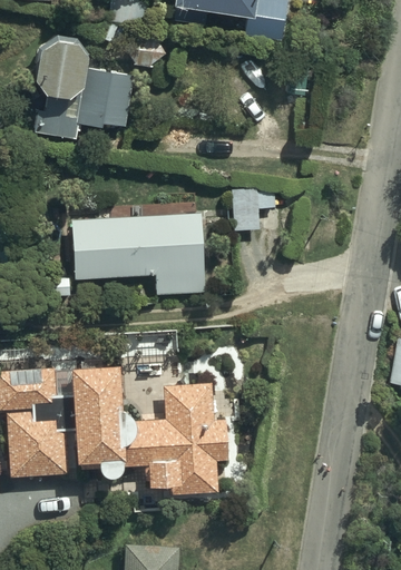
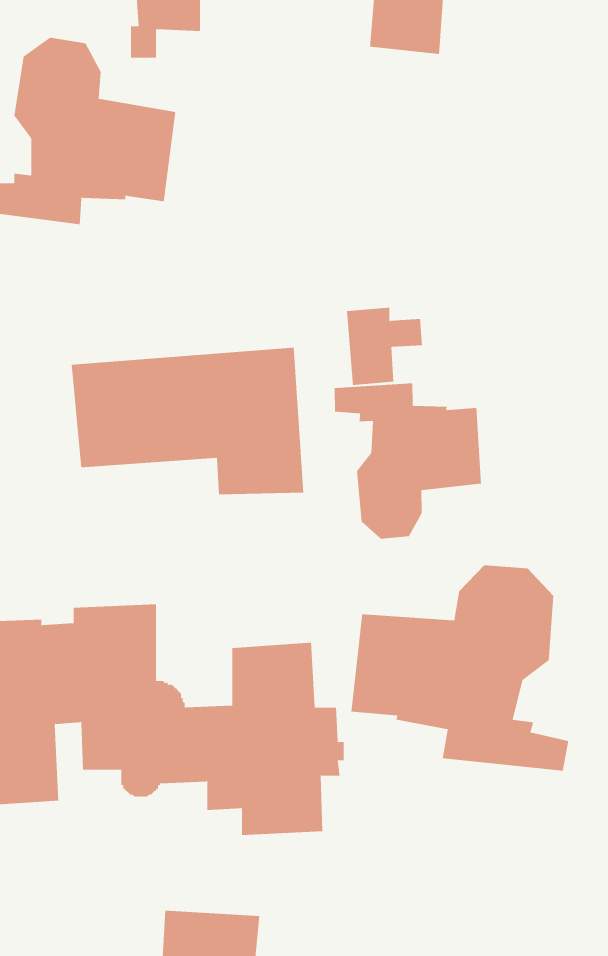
building: none -> [334,382,481,540]
building: none -> [351,564,569,772]

